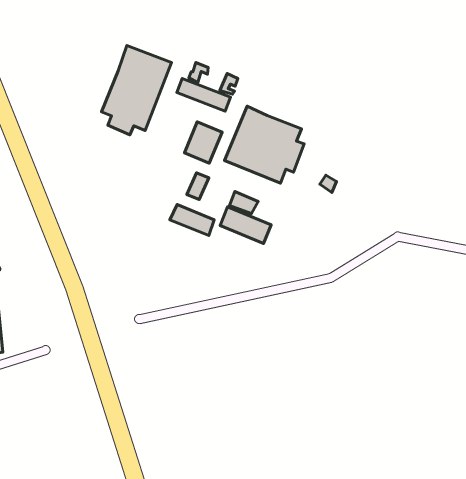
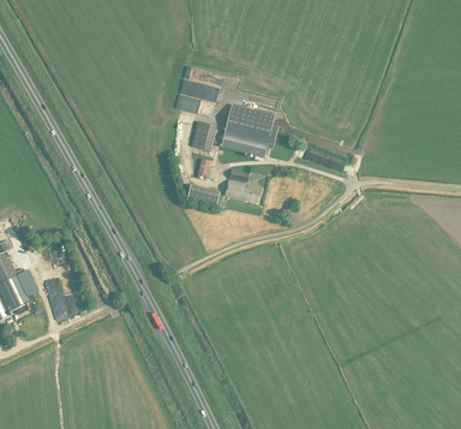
building: [101,45,172,135] -> none

